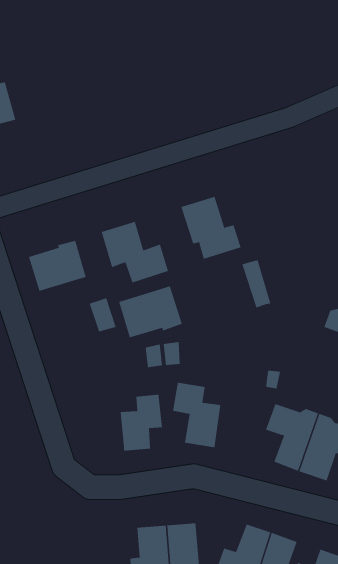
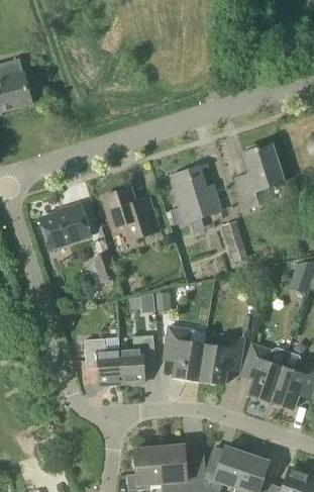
building: none -> [236,143,283,209]
building: [118,285,182,338] -> none
building: none -> [199,333,244,385]
building: none -> [83,338,121,385]

